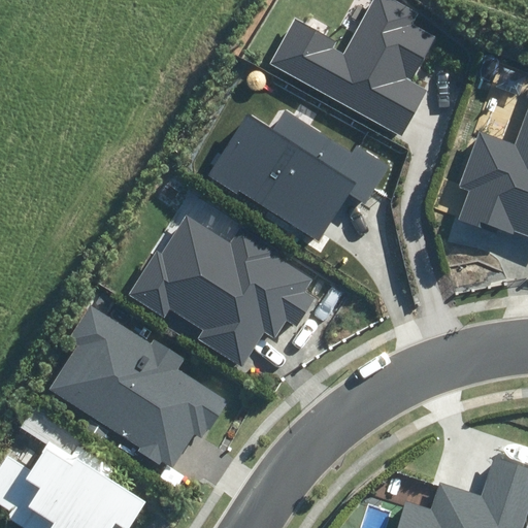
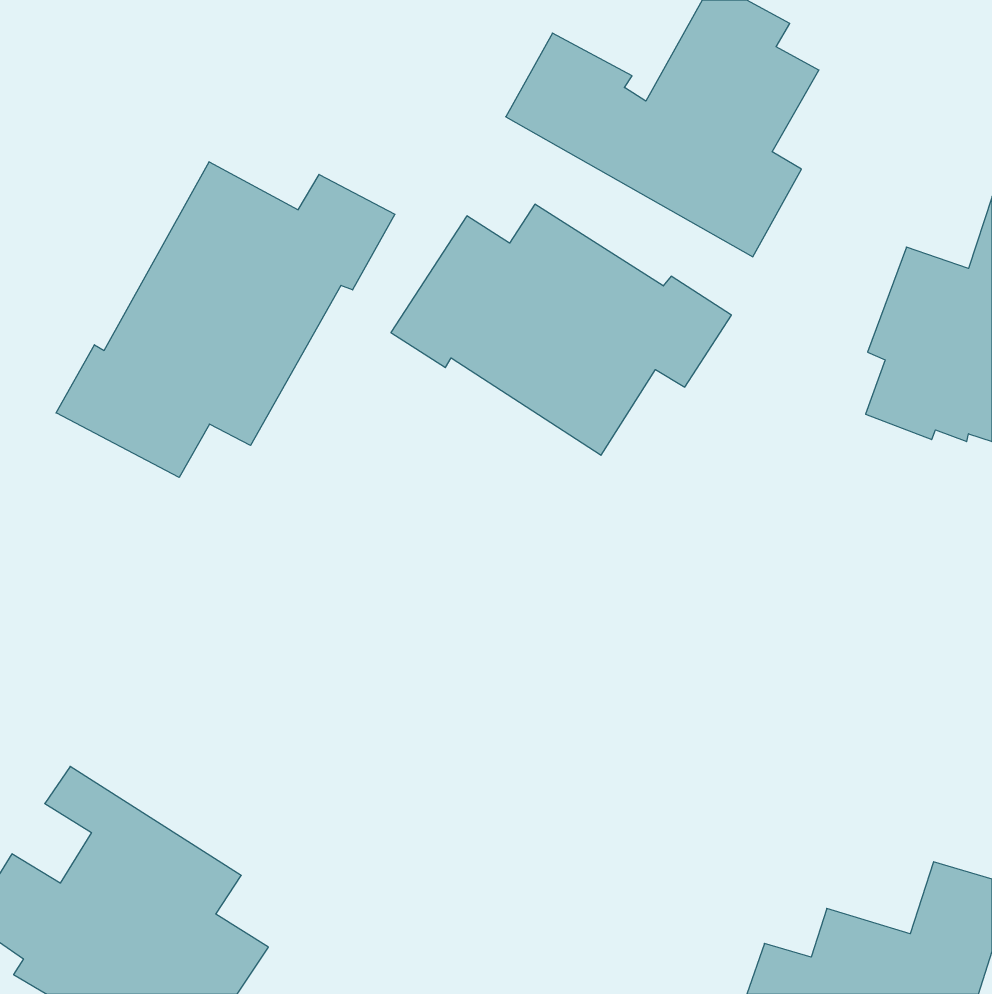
building: none -> [56,162,395,477]
building: [129,213,315,366] -> none
building: [48,304,227,466] -> none

